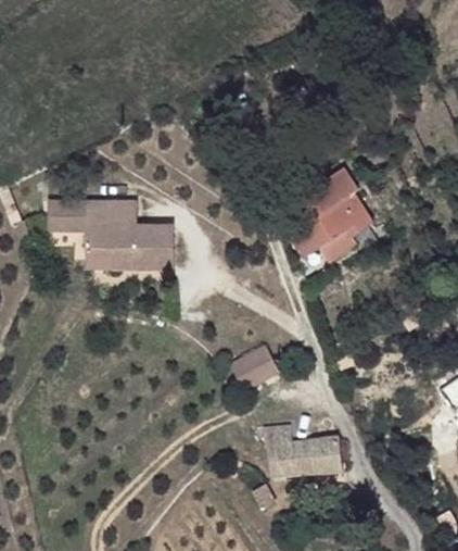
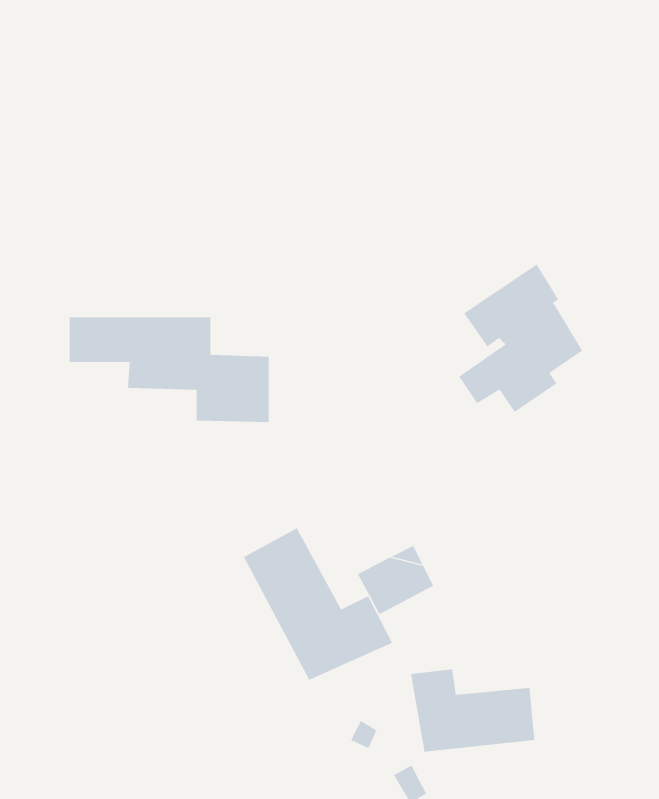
building: [85,247,127,271] -> none
building: none -> [243,527,393,681]

